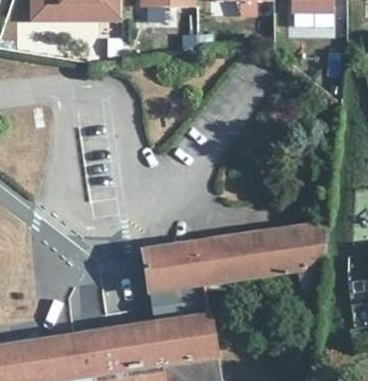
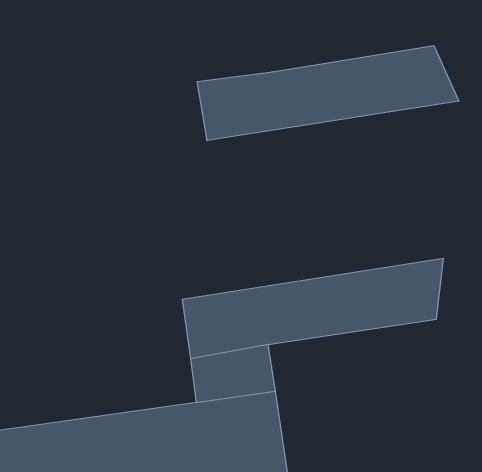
building: none -> [197,46,459,141]

